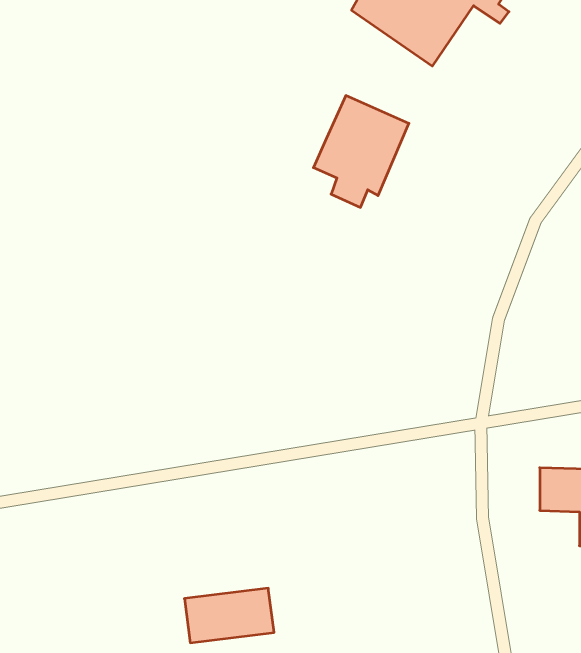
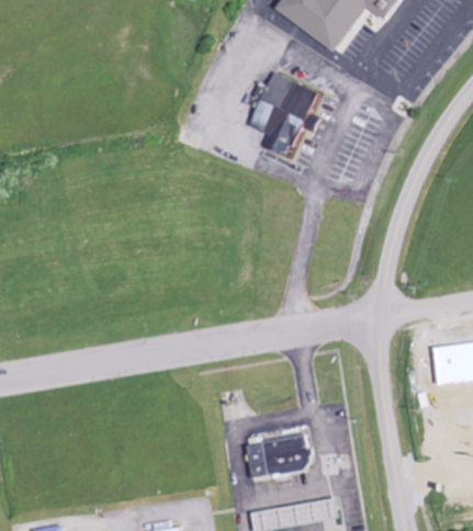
building: [184,588,274,643] -> [243,433,309,474]

